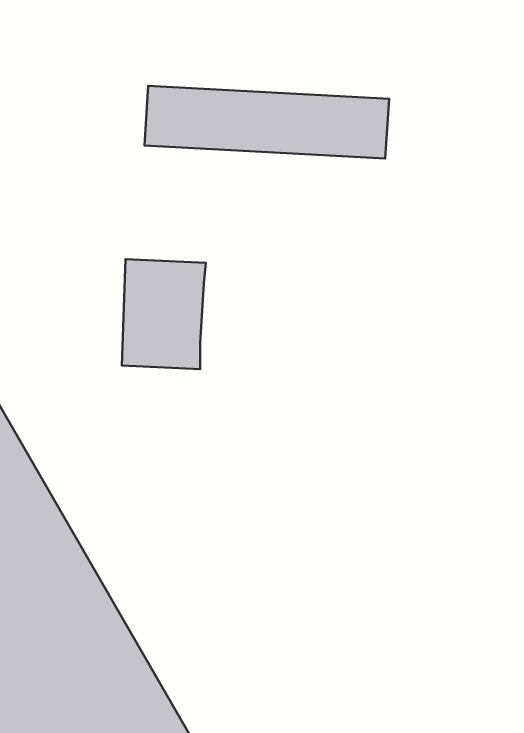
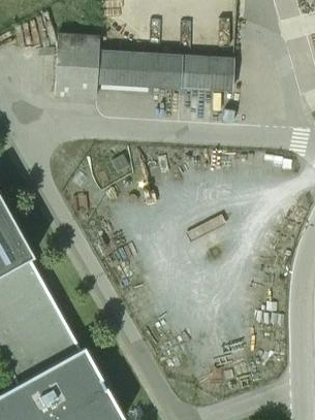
building: [122,259,206,369] -> [53,37,99,98]

